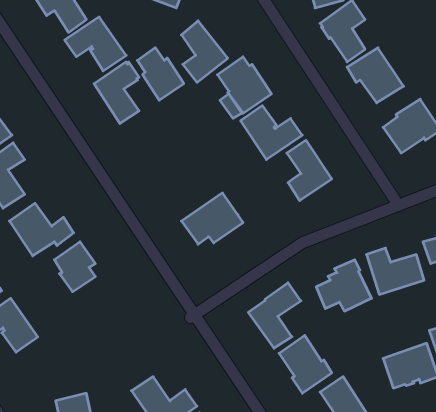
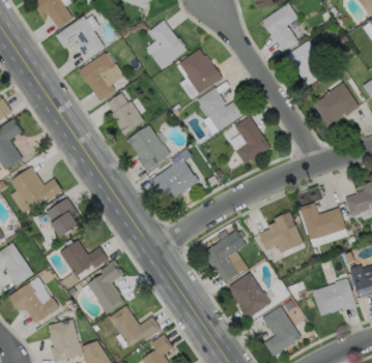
building: [137,48,184,100] -> [107,93,144,135]
building: none -> [127,125,171,172]
building: none -> [60,240,108,276]
building: none -> [87,260,124,314]
building: none -> [7,282,59,325]

